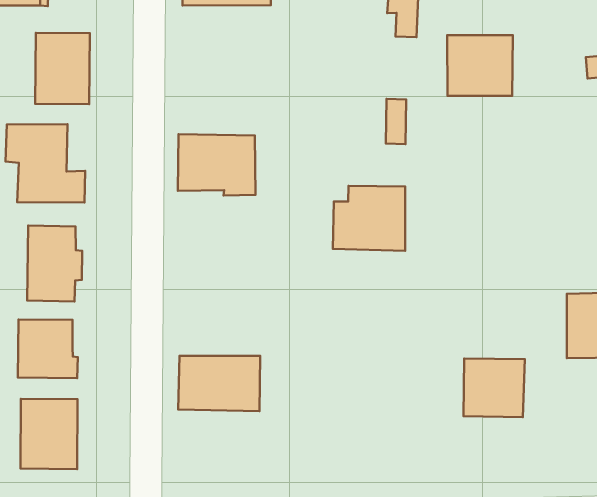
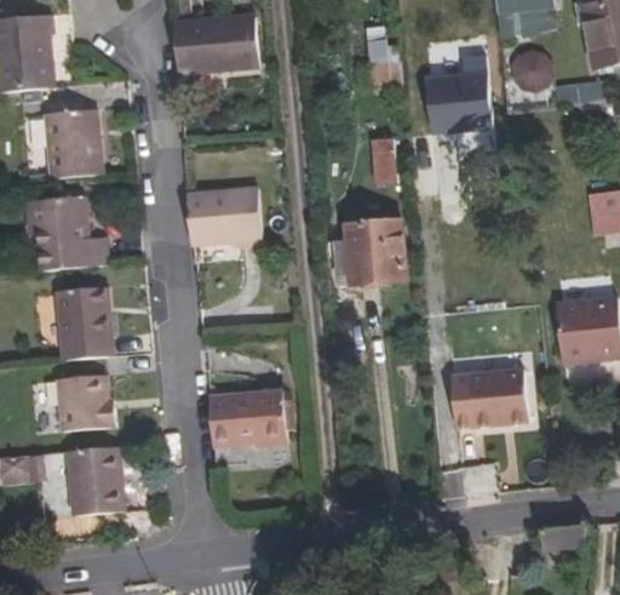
building: none -> [512,47,552,85]

